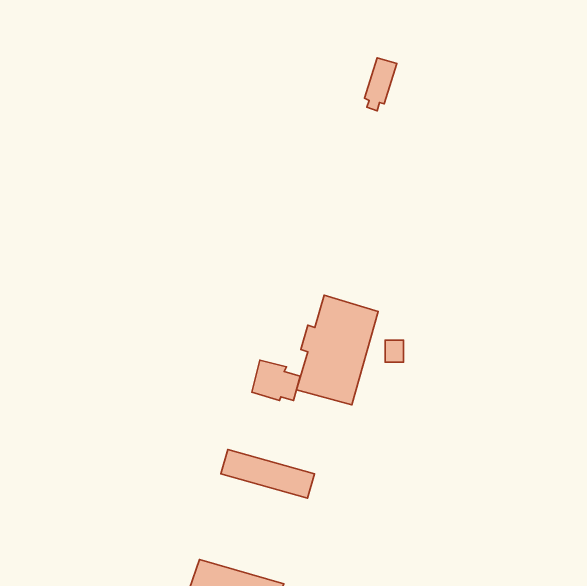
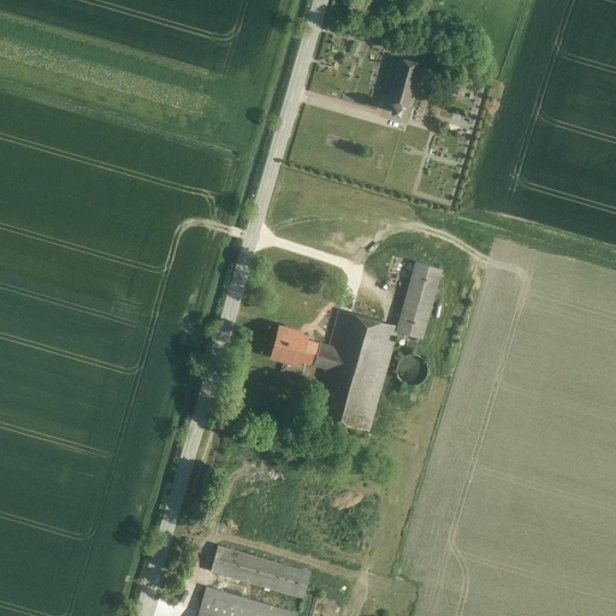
building: none -> [397,265,439,339]
building: [252,360,300,400] -> [271,326,321,368]
building: [221,450,314,498] -> [212,546,309,597]

